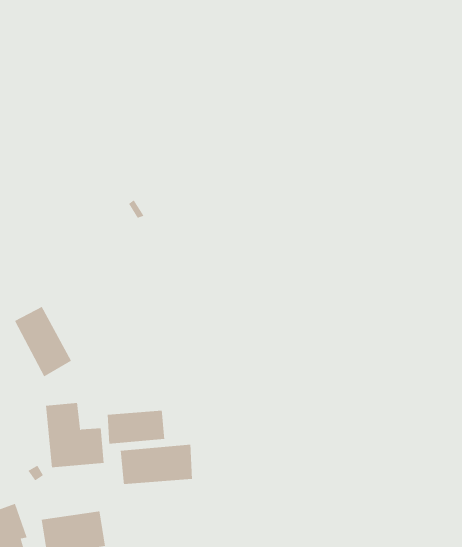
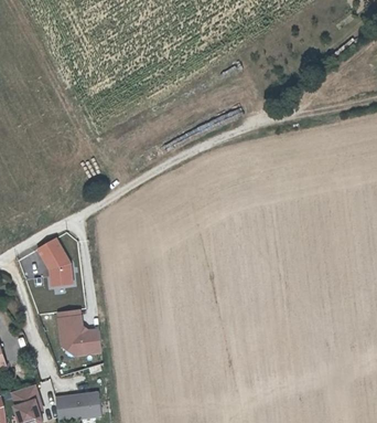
building: [107,410,165,445] -> none
building: [120,444,192,485] -> none

